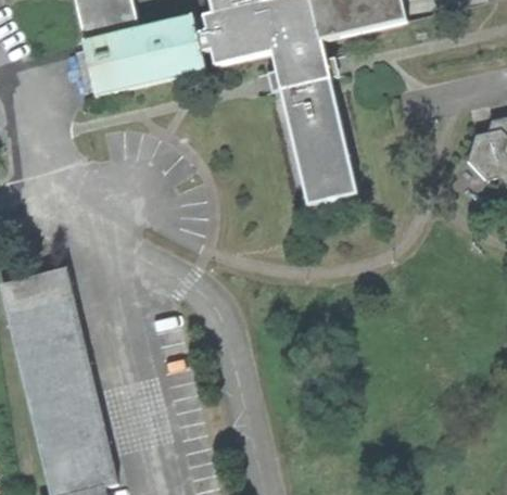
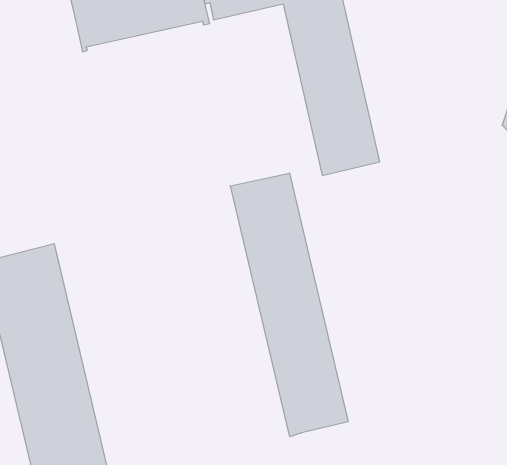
building: none -> [230,173,348,437]

